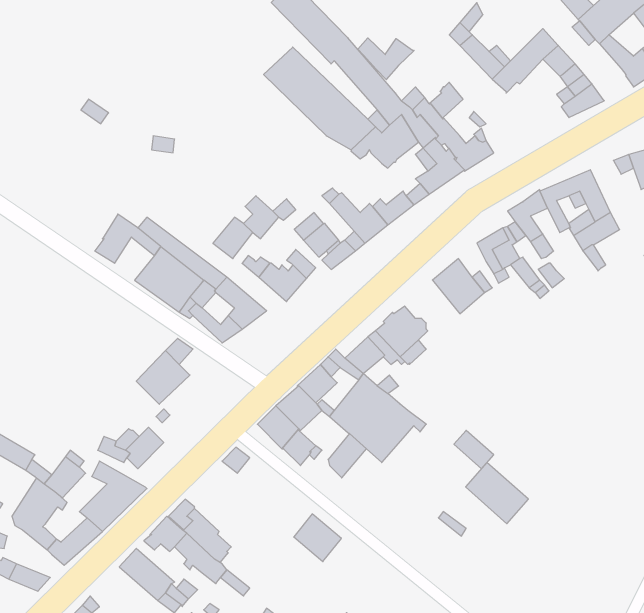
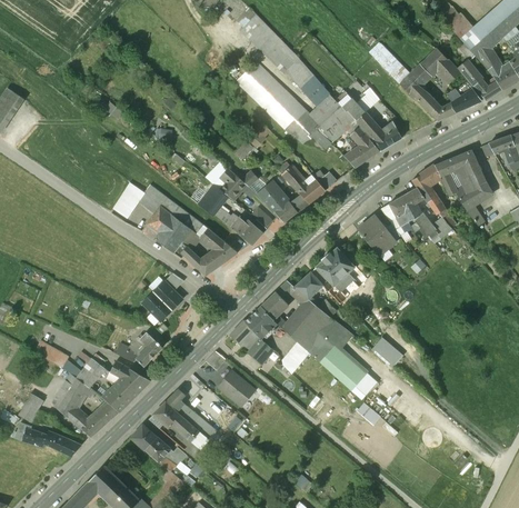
building: [358,38,414,80] -> none
building: none -> [459,61,502,100]
building: none -> [410,87,456,120]
building: [466,462,528,524] -> [320,345,366,389]
building: [294,514,341,562] -> [219,371,253,406]

